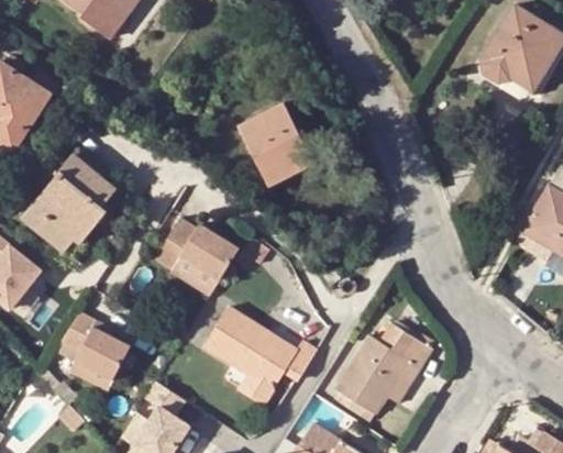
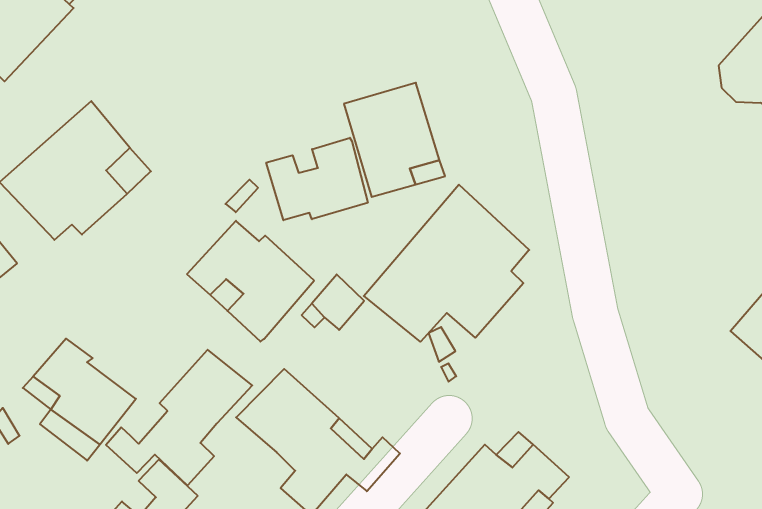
building: none -> [266,138,368,220]
building: none -> [364,185,529,342]
building: none -> [106,350,252,485]

